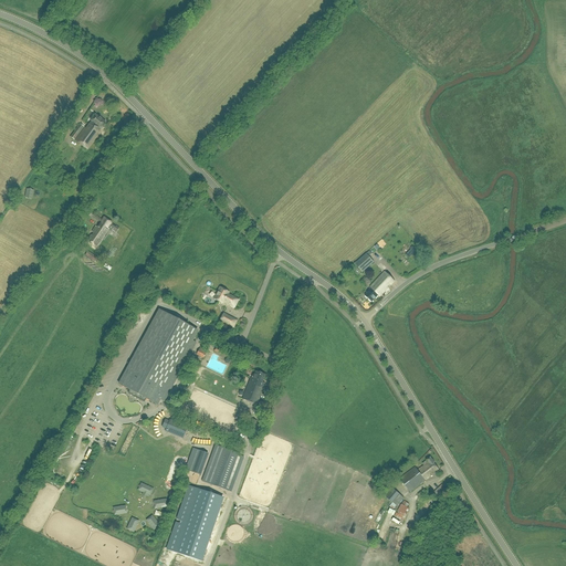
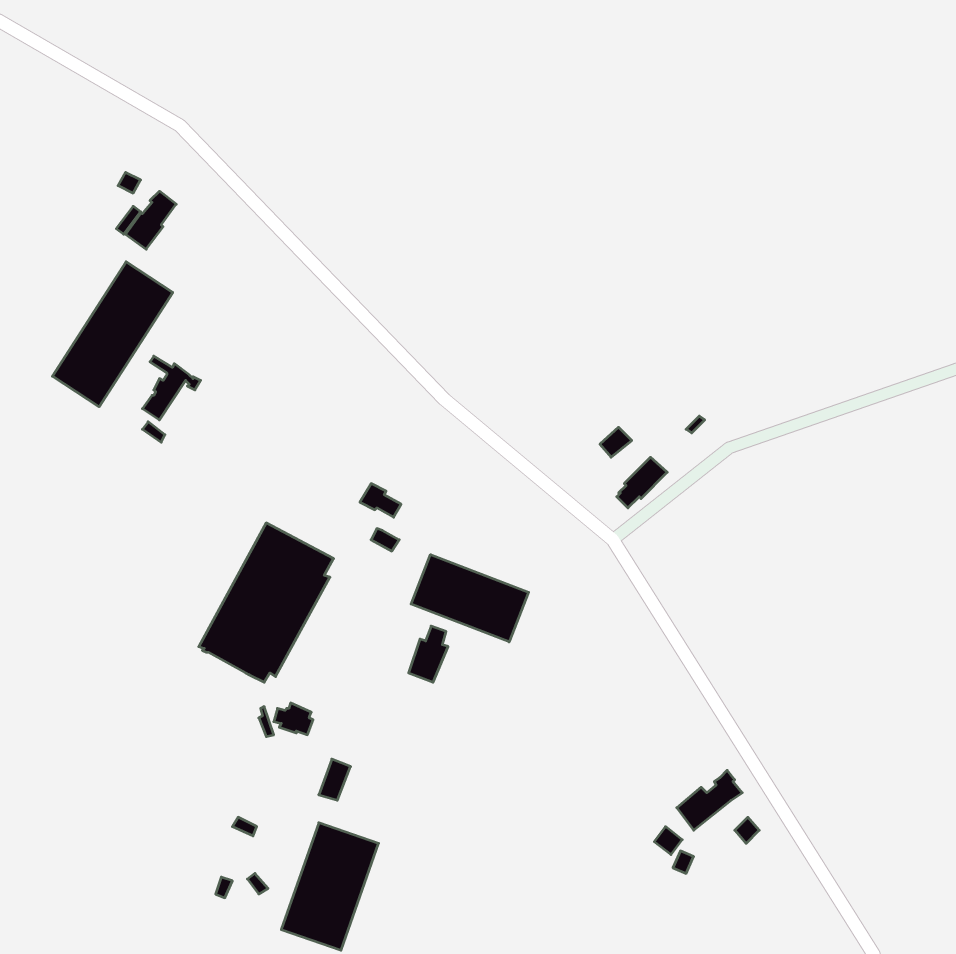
building: none -> [52,262,173,407]
building: none -> [411,555,529,642]
building: [201,443,240,489] -> none

